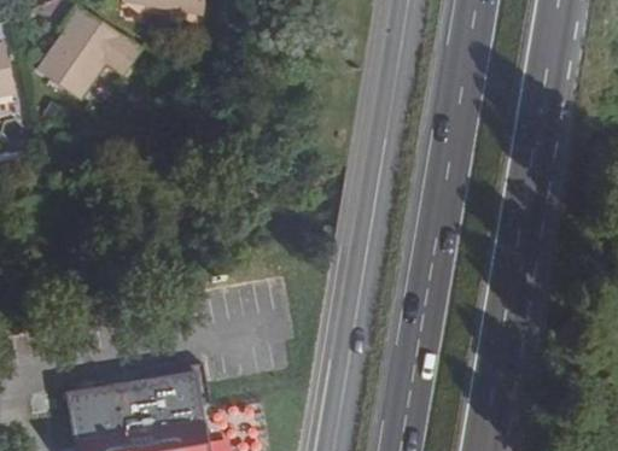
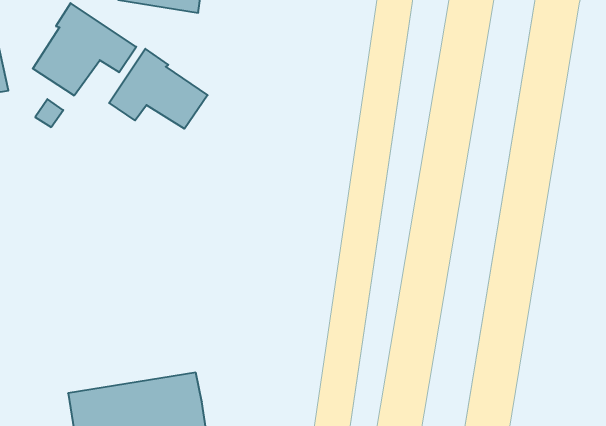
building: none -> [109,49,208,129]

